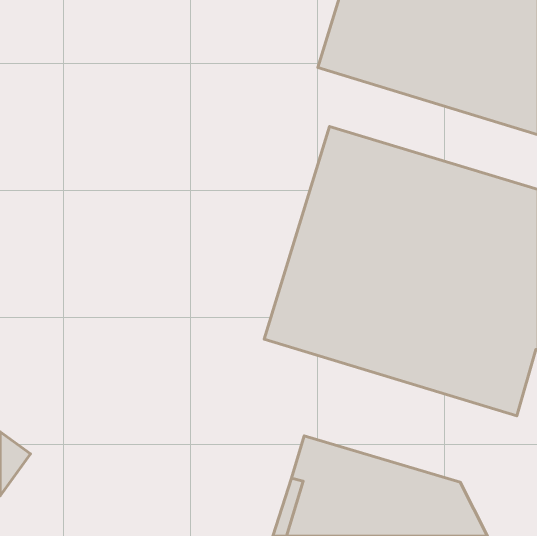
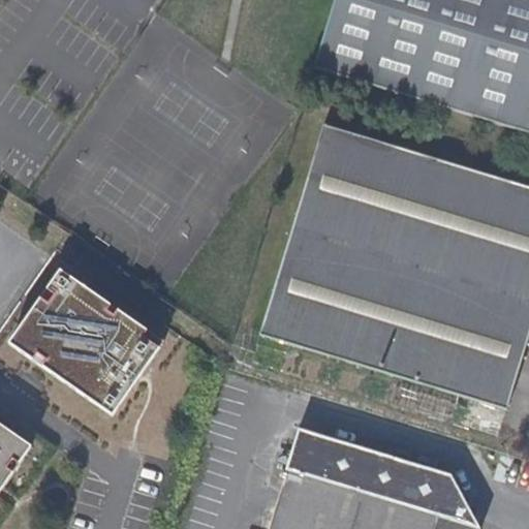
building: none -> [8,269,165,417]

